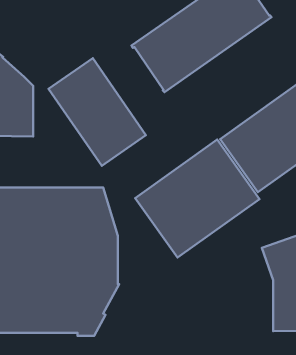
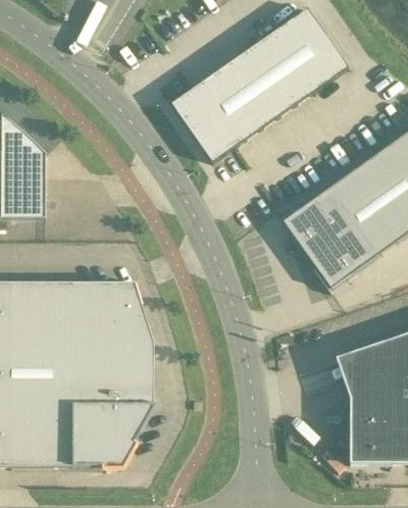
building: [49,58,146,166] -> none
building: [135,140,260,258] -> none

